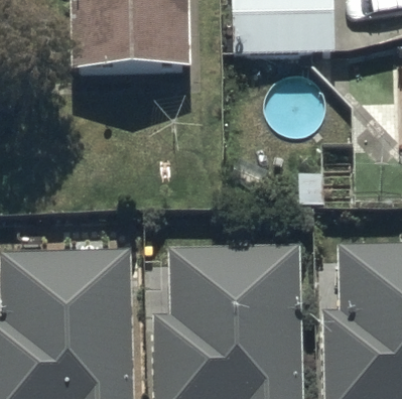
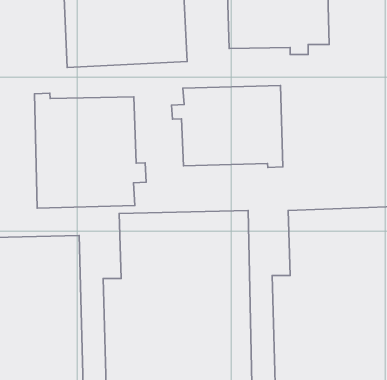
building: none -> [171,85,283,168]
building: none -> [35,93,146,208]

